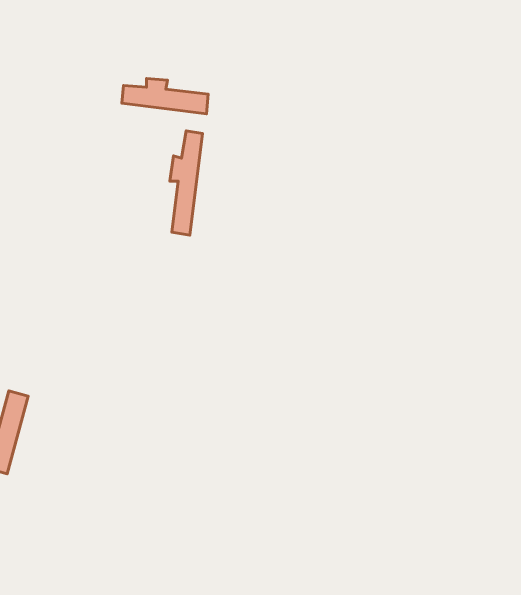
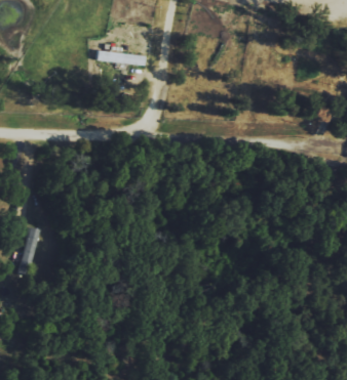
building: [170,131,202,235] -> none

